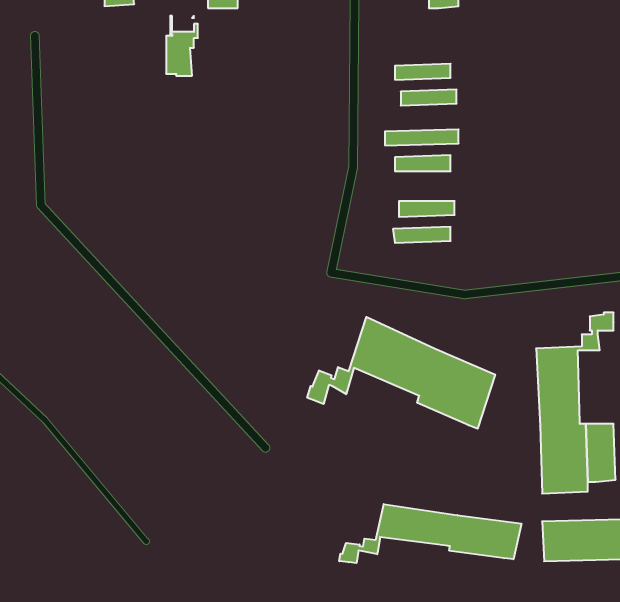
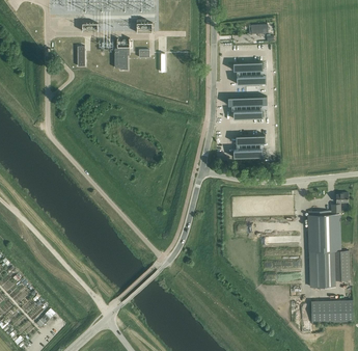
building: [307,317,495,429] -> none
building: [339,504,521,563] -> none

